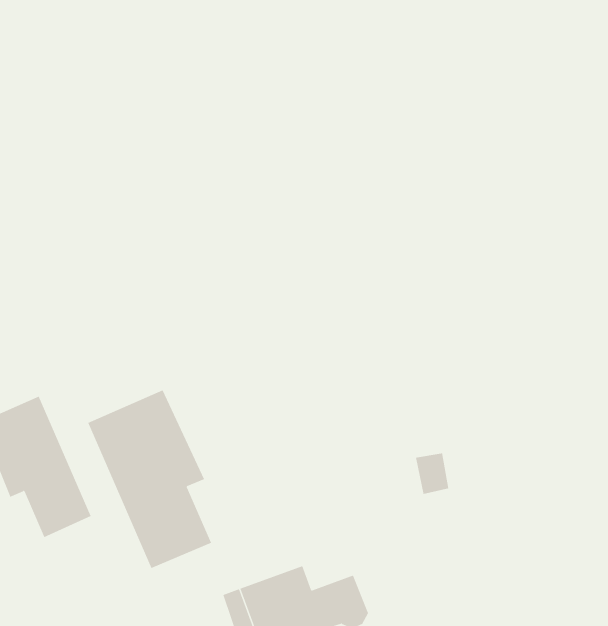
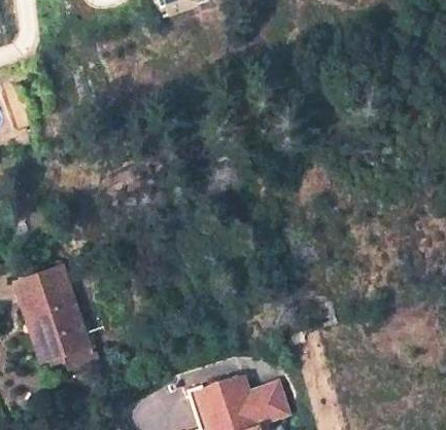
building: [87,389,212,569] -> none

